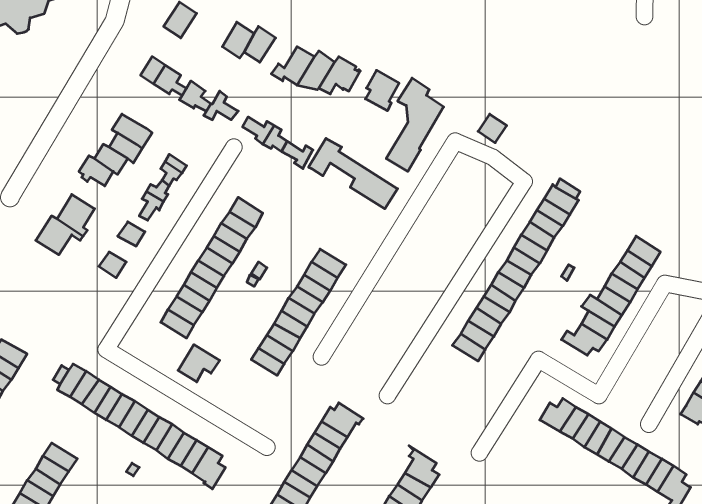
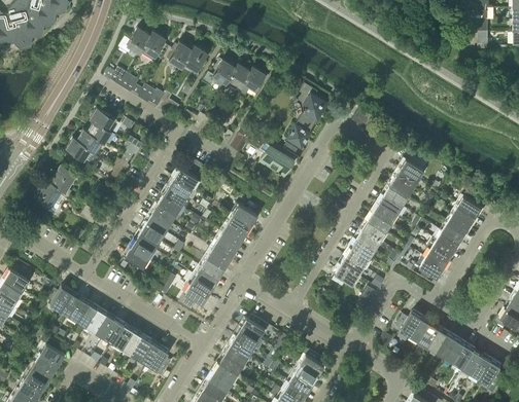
building: none -> [139,32,166,61]
building: [365,70,399,111] -> none
building: [178,345,220,382] -> [178,284,208,310]

